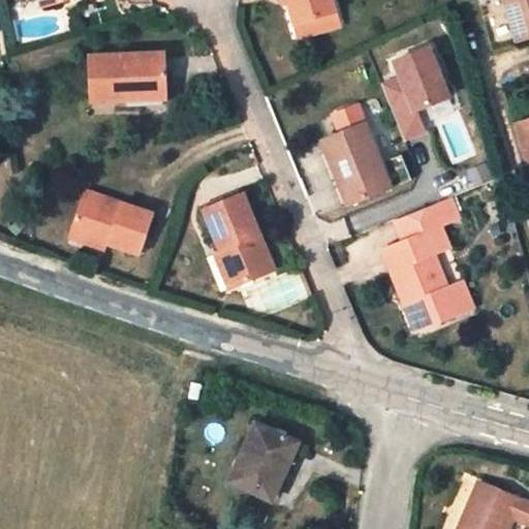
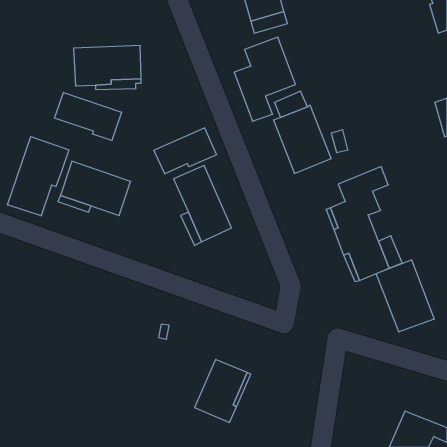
building: [382,39,455,138] -> [234,37,295,121]
building: none -> [54,92,122,141]
building: none -> [154,128,216,174]
building: none -> [8,137,69,216]
building: none -> [376,260,434,332]

